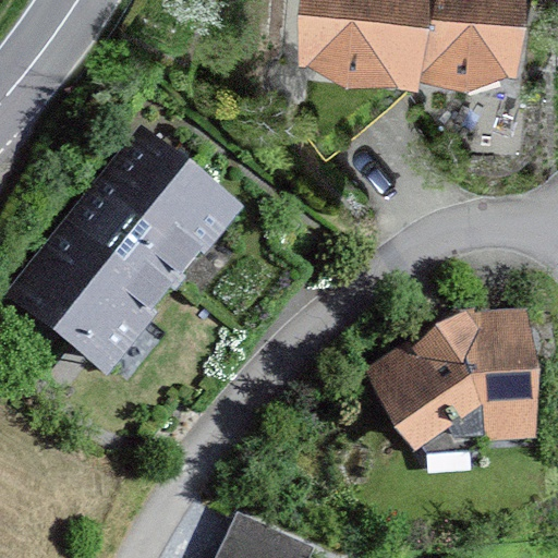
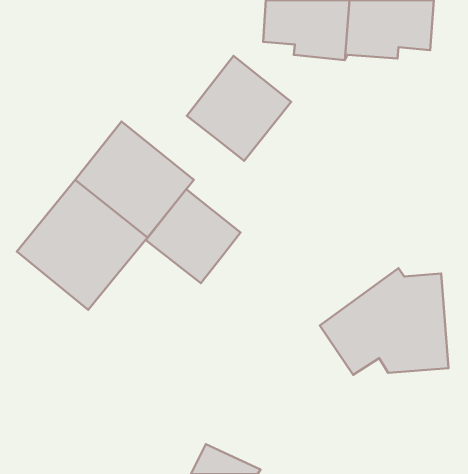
building: none -> [187,56,291,161]
building: none -> [146,189,241,283]

